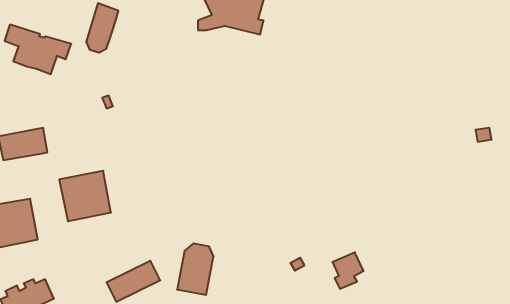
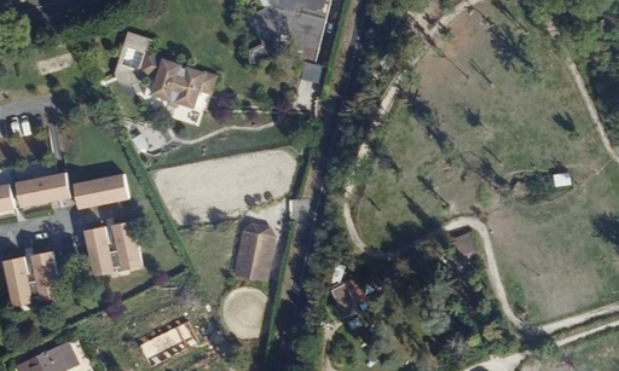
building: [5,25,71,74] -> [141,53,216,109]
building: none -> [74,173,129,209]
building: [177,243,214,295] -> [233,224,274,282]
building: [332,252,364,289] -> [332,280,368,321]

